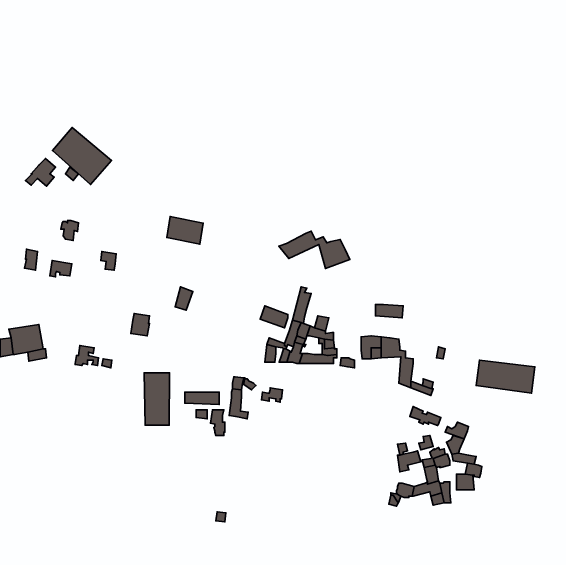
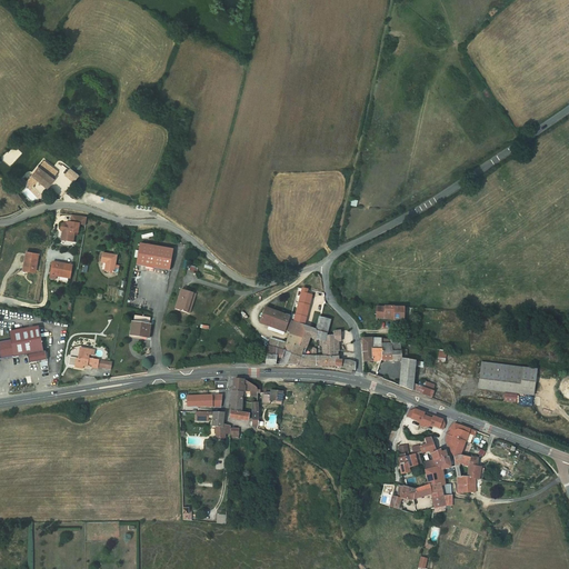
building: [52,128,111,184] -> none
building: [167,217,203,244] -> [137,242,173,270]
building: [279,231,350,268] -> none
building: [144,373,169,425] -> none

